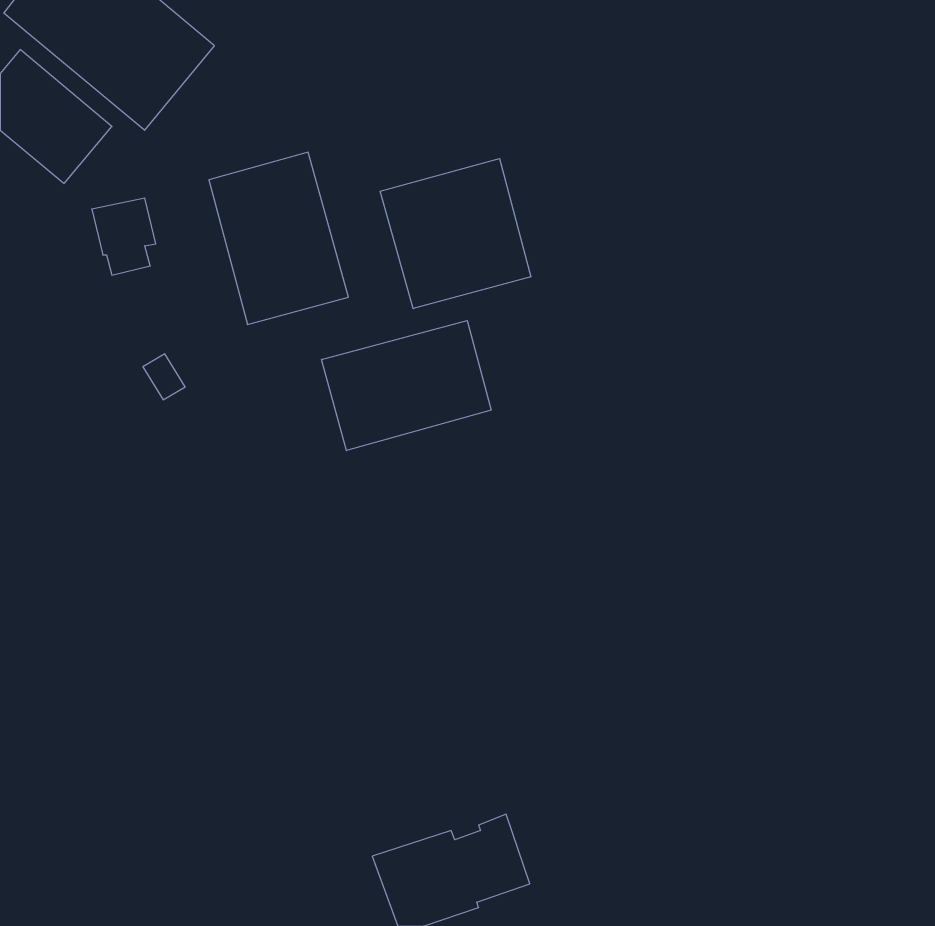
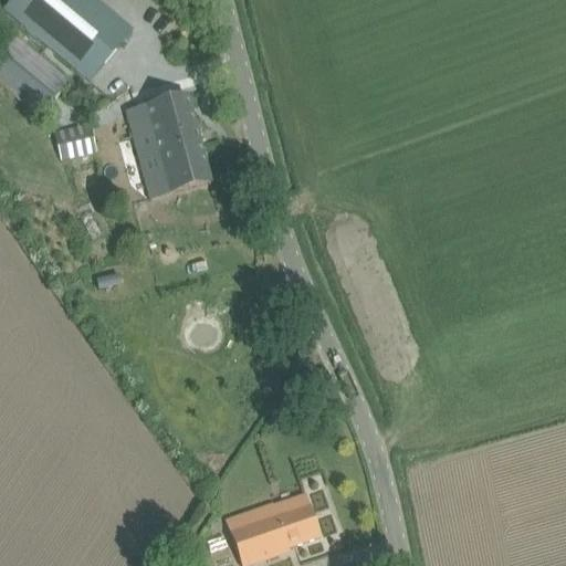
building: [380,159,531,309] -> none
building: [322,321,491,451] -> none

